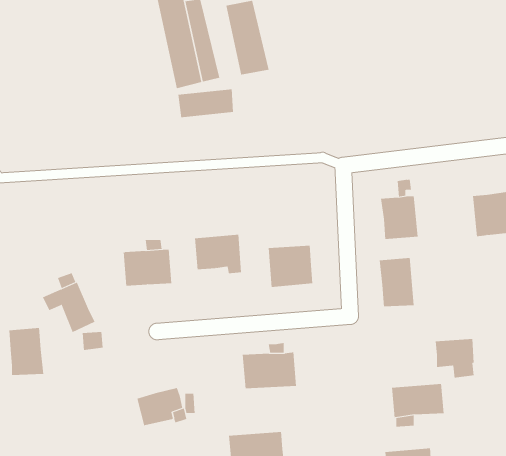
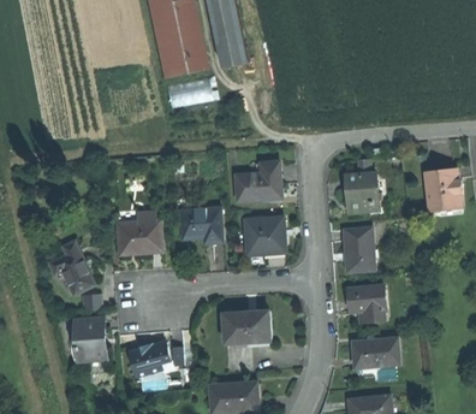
building: none -> [236,161,280,201]
building: [8,328,44,375] -> [75,317,106,359]
building: [435,339,475,378] -> [349,286,383,321]

